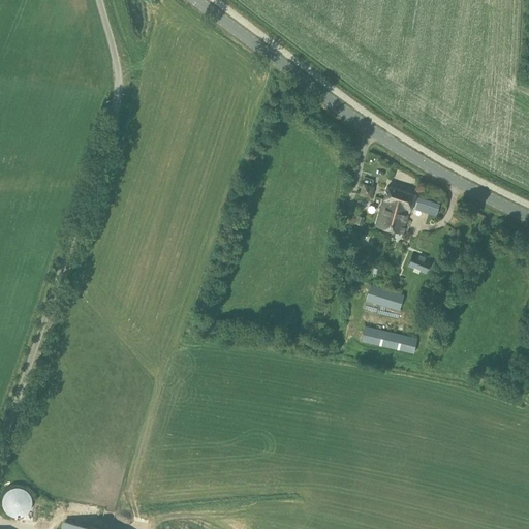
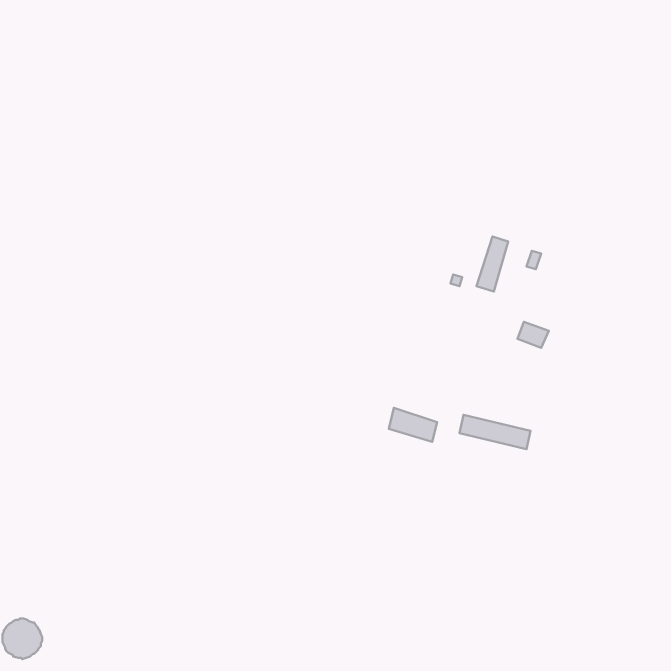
building: [388,190,415,234] -> none
building: [366,284,404,311] -> [389,408,437,442]

